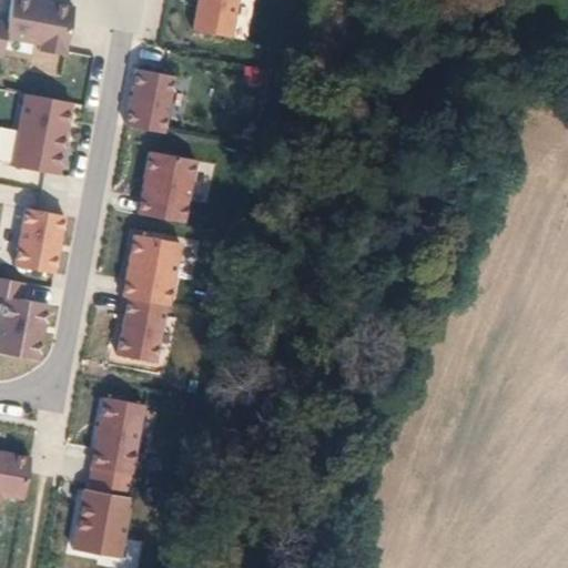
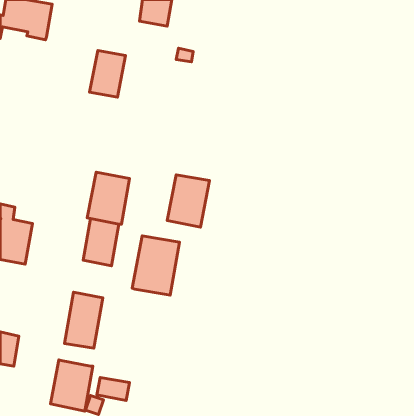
building: [12,93,71,174] -> none
building: [138,151,195,222] -> [167,175,210,227]
building: [13,207,64,273] -> none
building: none -> [132,236,180,295]
building: [87,467,131,498] -> [97,378,129,400]

